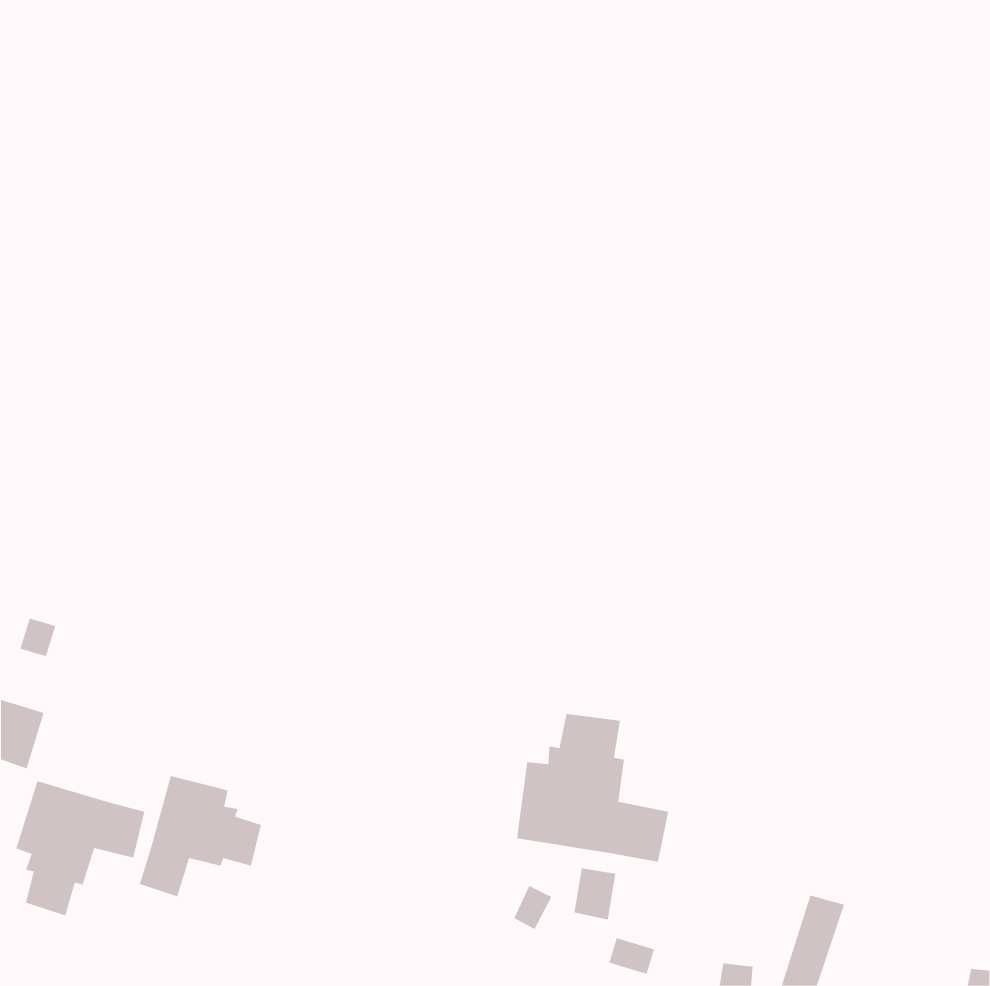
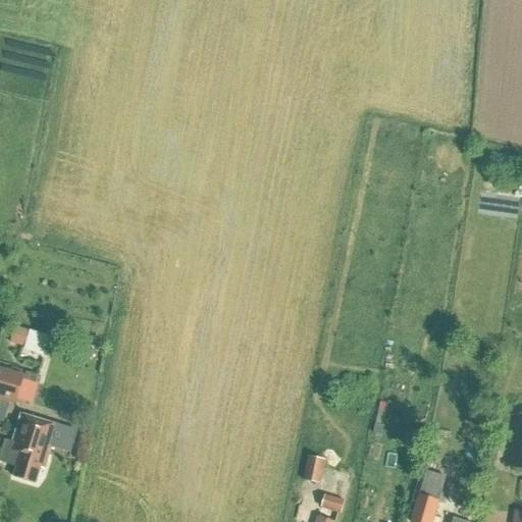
building: [516,713,669,863] -> none
building: [139,775,261,897] -> none

